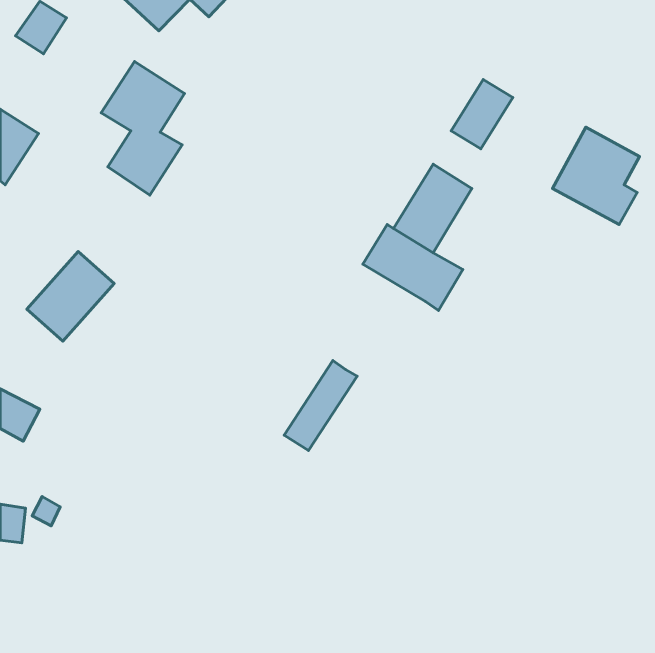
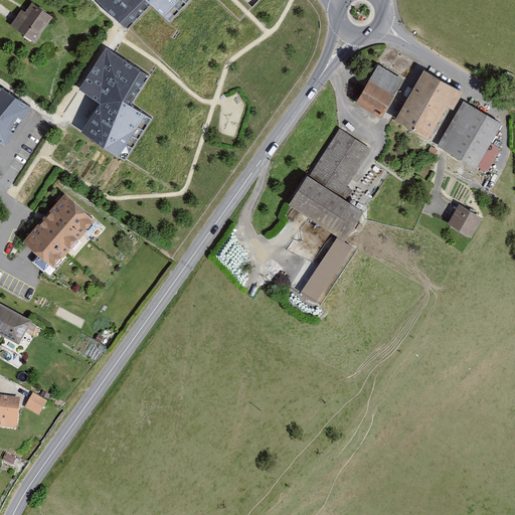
building: none -> [393,69,463,139]
building: none -> [447,205,481,238]
building: [284,361,357,450] -> [296,236,353,307]

